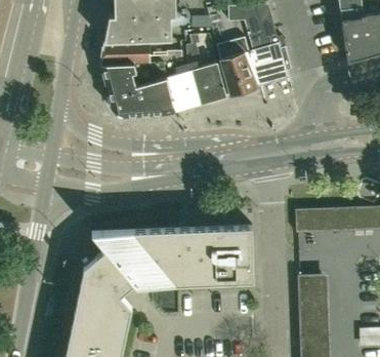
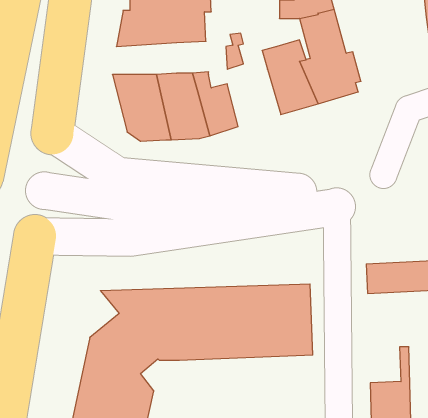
building: [100,41,150,66] -> none
building: [188,65,225,106] -> none
building: [297,275,322,303] -> none

